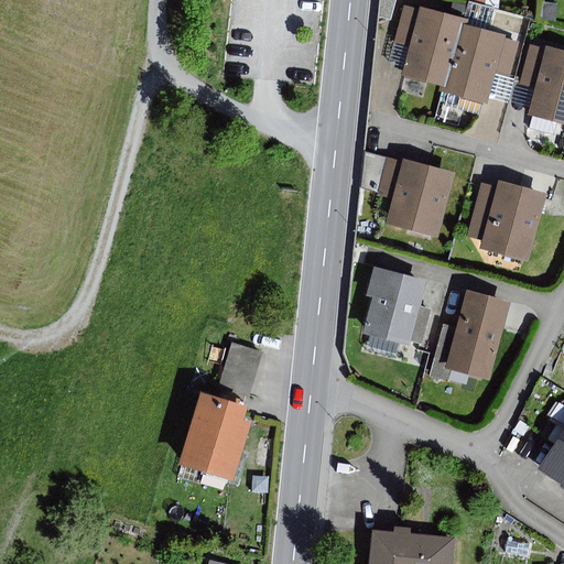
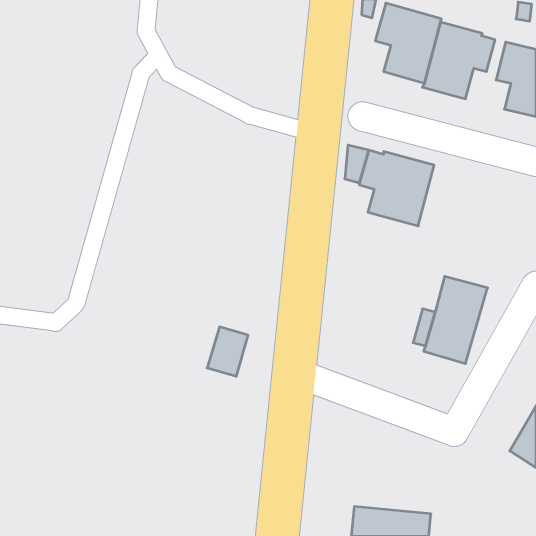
building: [466,181,546,261] -> none
building: [362,268,431,346] -> none
building: [178,392,252,481] -> none

